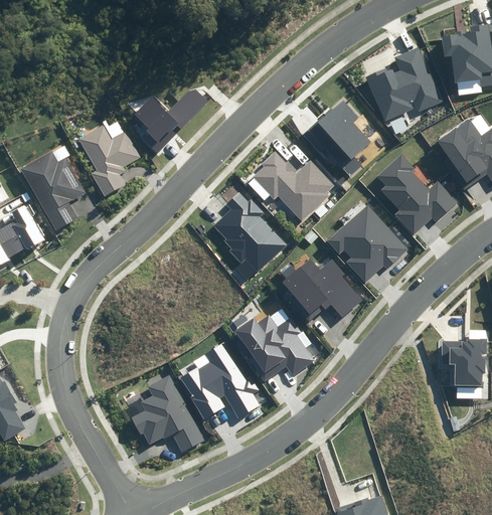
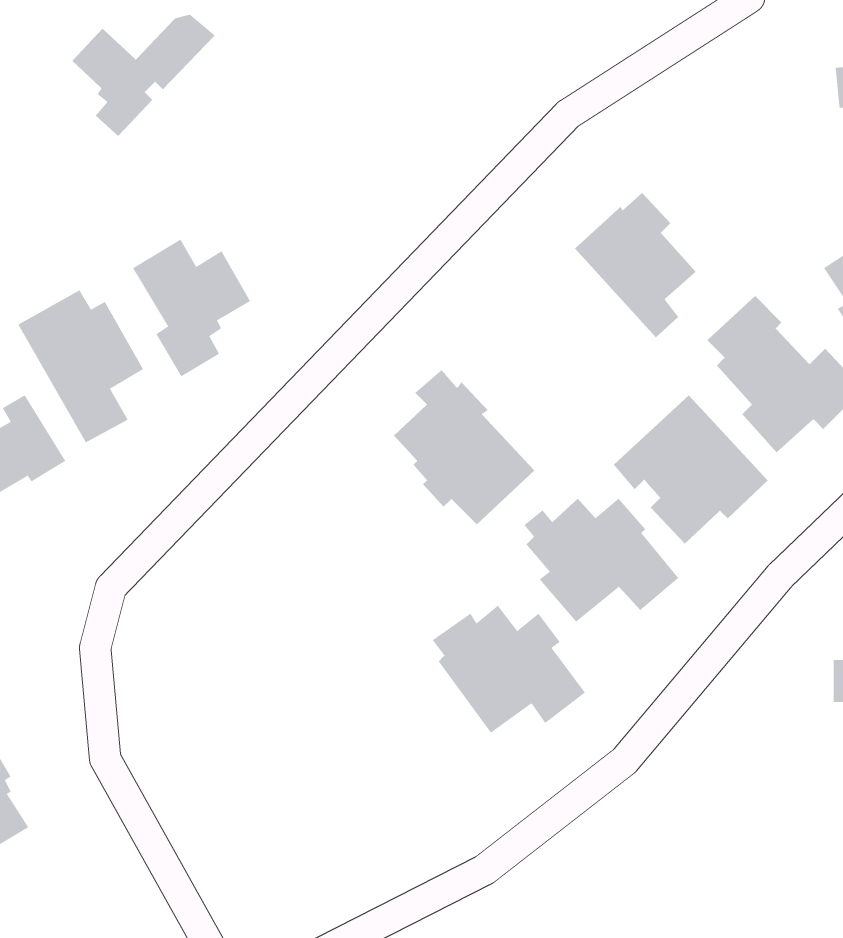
building: [365,47,442,121] -> none
building: [133,90,207,153] -> [71,14,215,137]
building: [252,151,334,221] -> none
building: [180,343,259,420] -> none
building: [131,375,203,453] -> none

